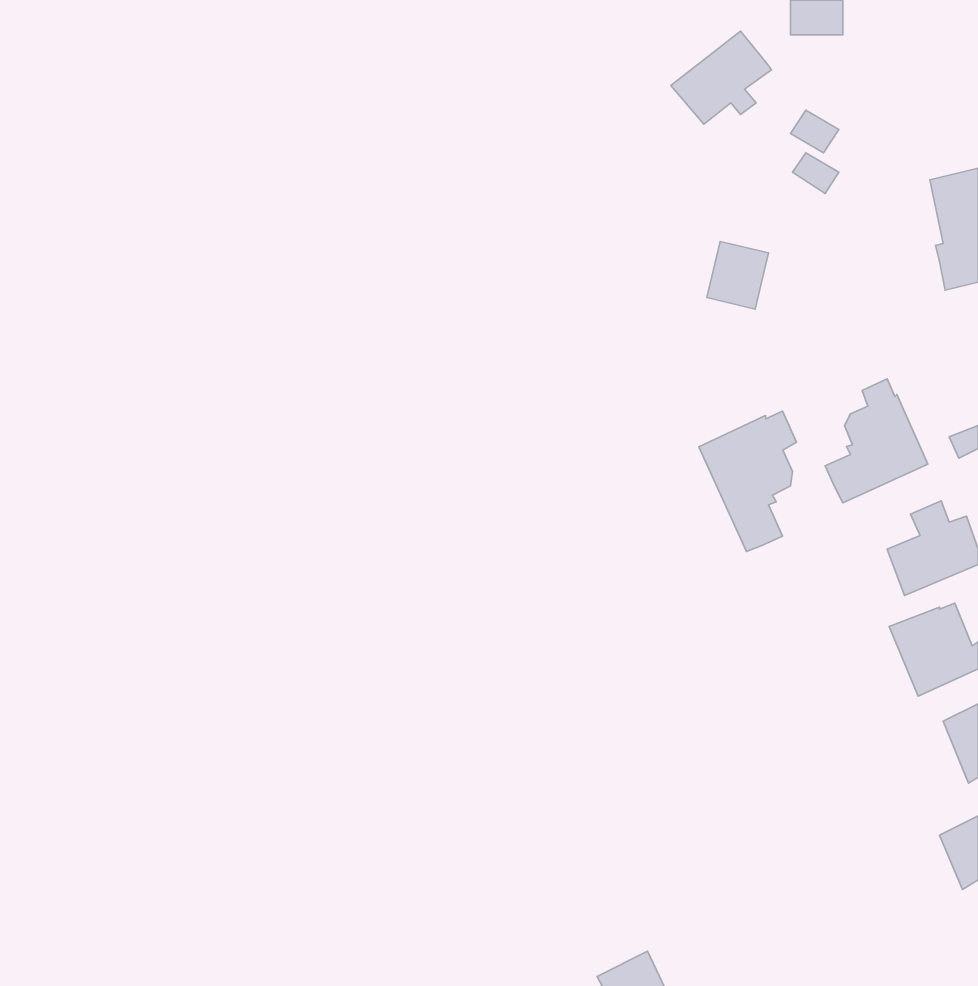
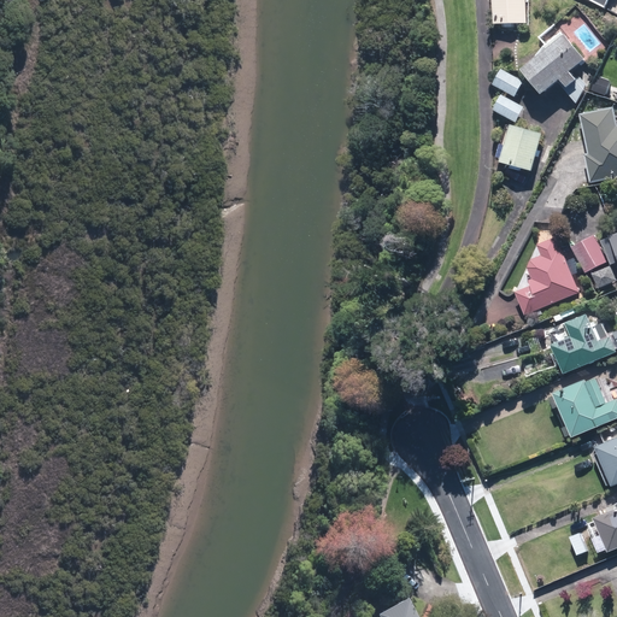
building: [671,31,772,124] -> [525,34,588,92]
building: [707,241,769,309] -> [503,127,541,169]
building: none -> [571,236,605,271]
building: [699,411,797,552] -> none

